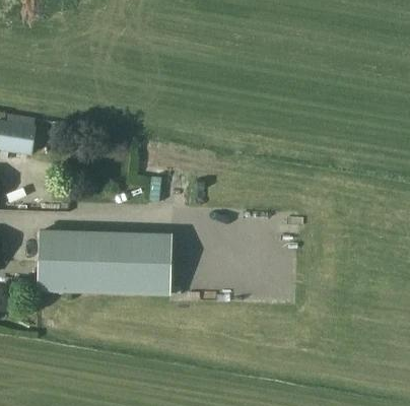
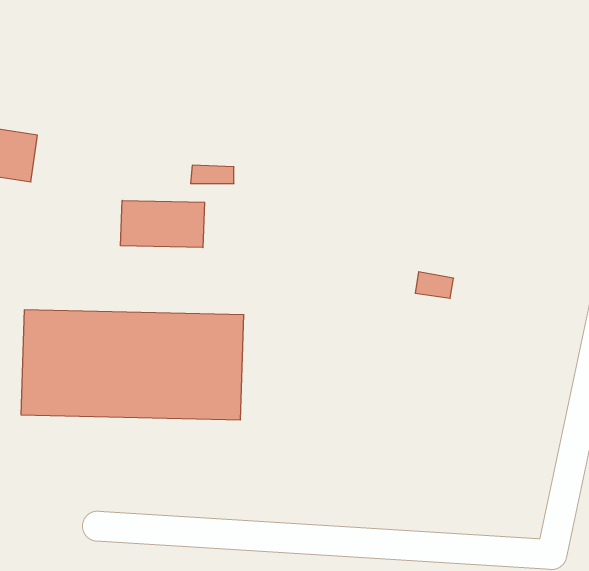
building: none -> [121,200,205,248]

